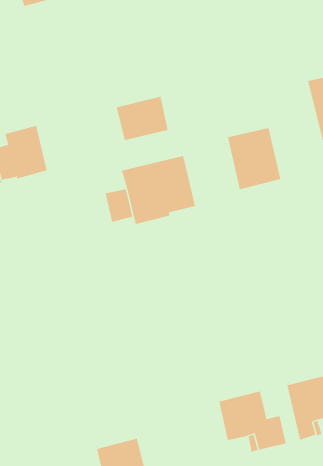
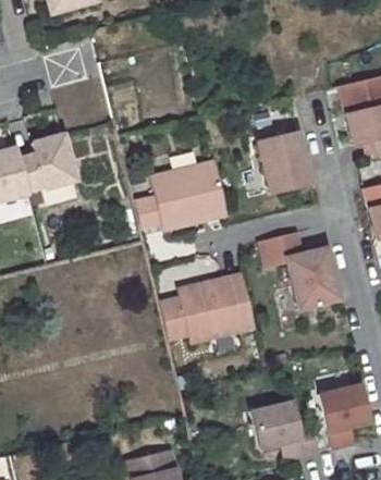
building: [116,96,168,141] -> none
building: none -> [259,233,340,311]
building: none -> [177,273,254,343]

